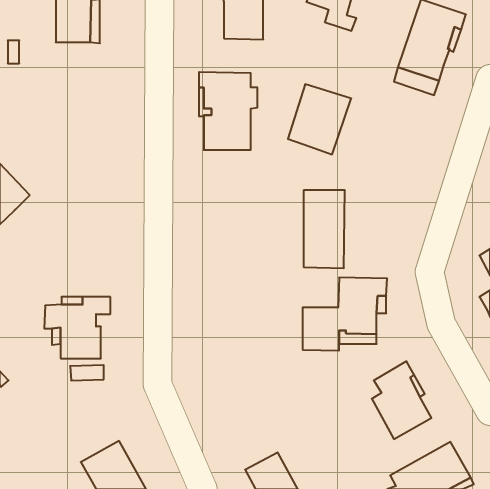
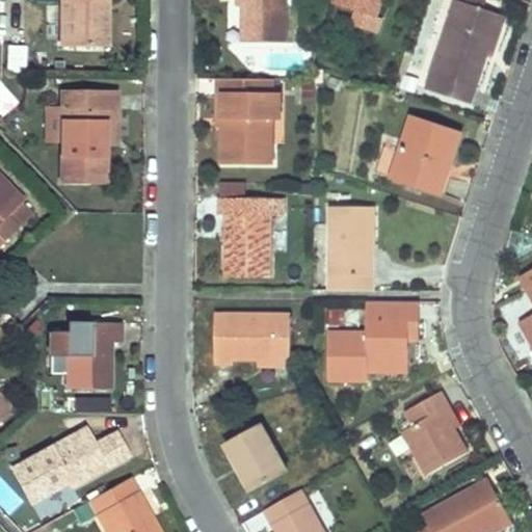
building: [288,84,351,154] -> [392,117,460,193]
building: none -> [59,92,114,180]
building: none -> [220,197,285,276]
building: none -> [214,314,290,363]
building: none -> [225,425,287,490]
building: none -> [11,428,127,502]

